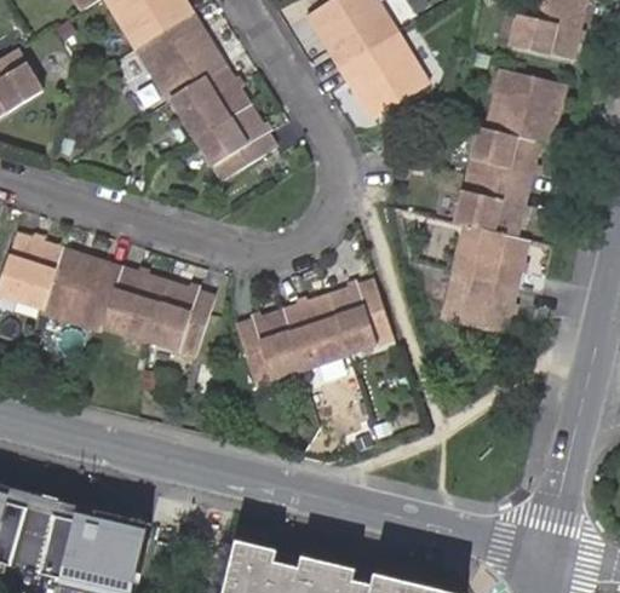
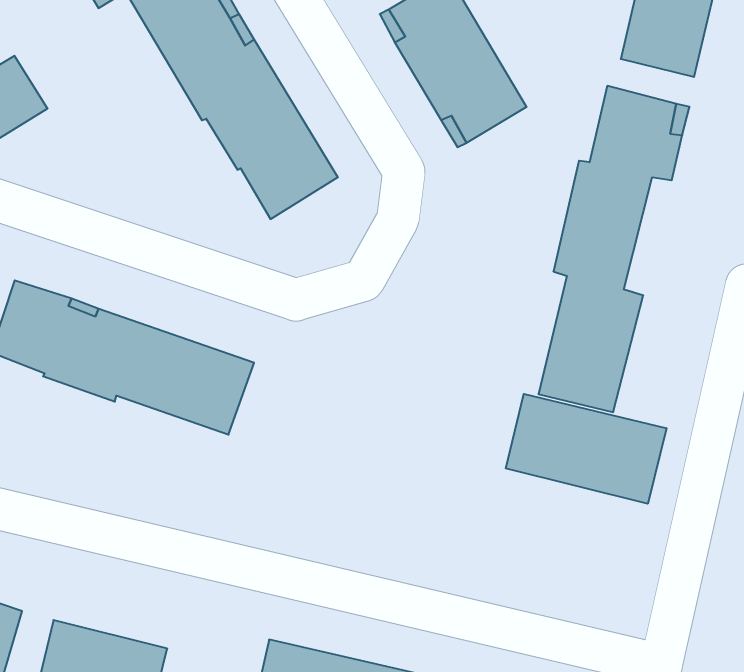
building: [234,283,394,386] -> none
building: none -> [506,394,666,504]

